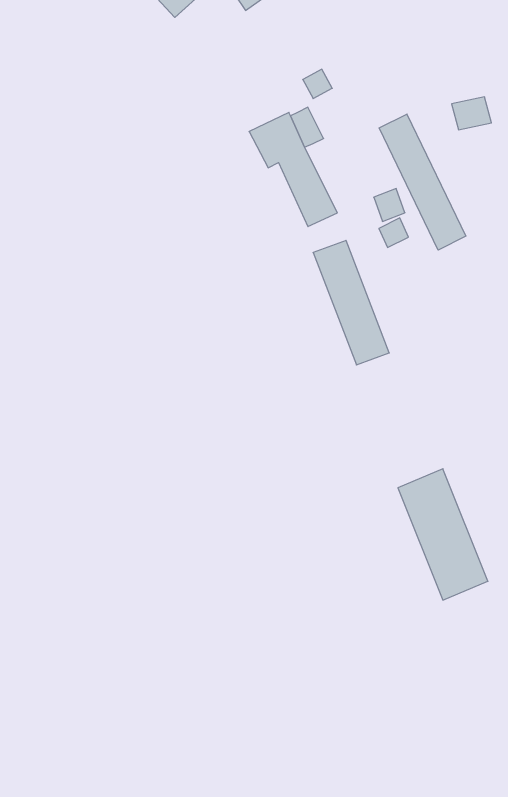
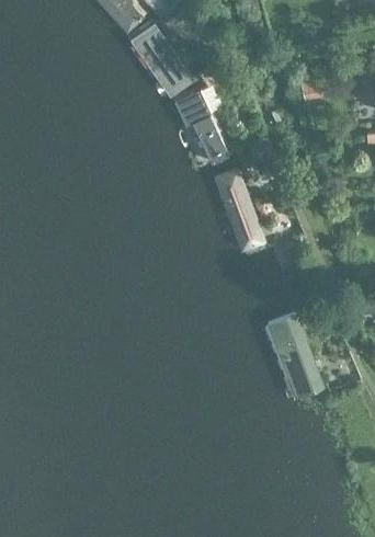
building: none -> [133,27,194,99]
building: [379,114,466,250] -> none

